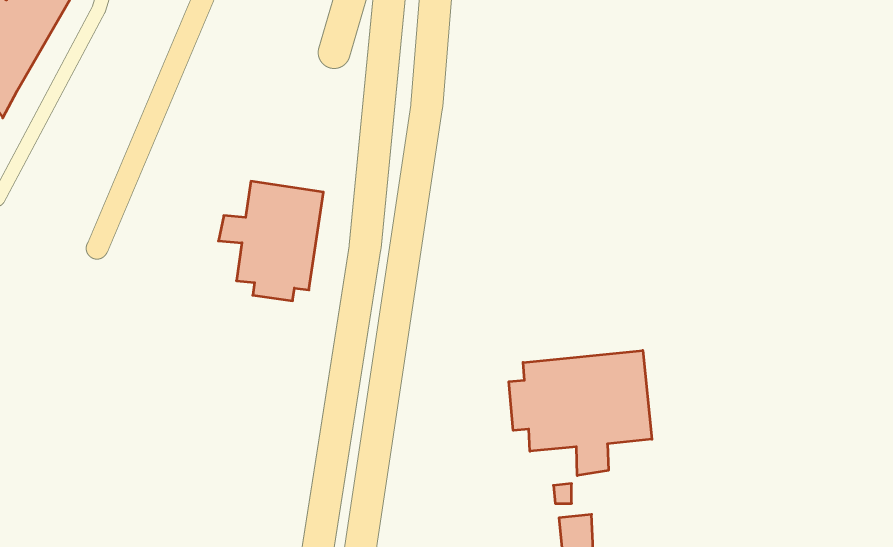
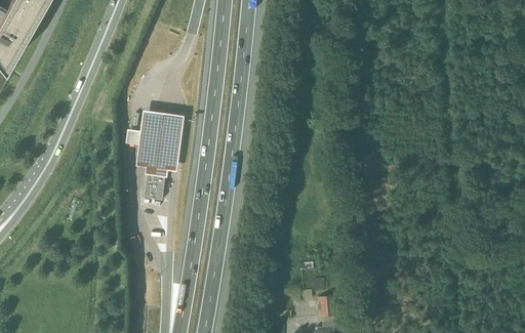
building: none -> [145,177,166,203]
building: [509,350,652,476] -> none

